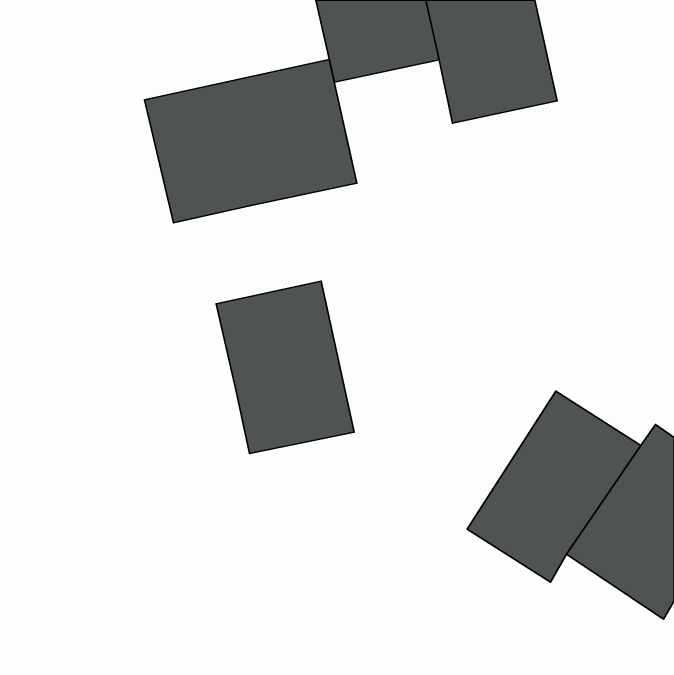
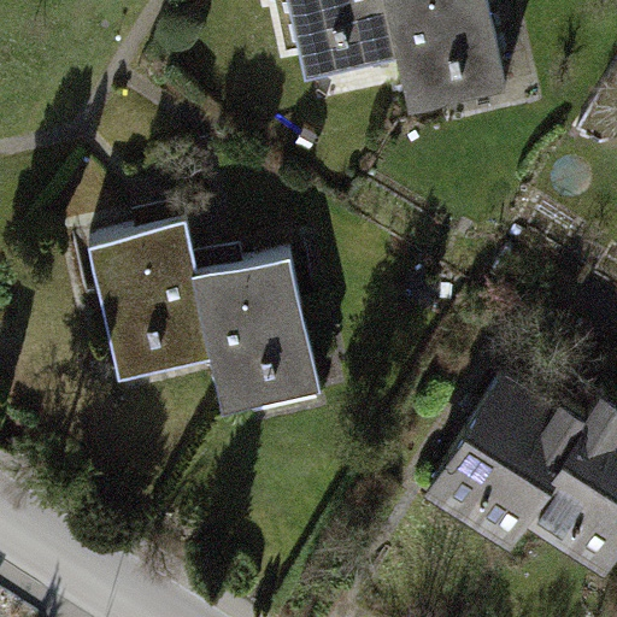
building: [144,59,357,223] -> none
building: none -> [89,221,215,377]

